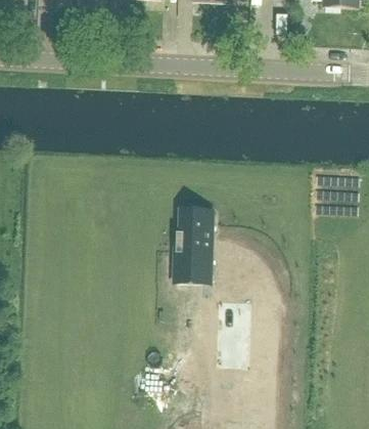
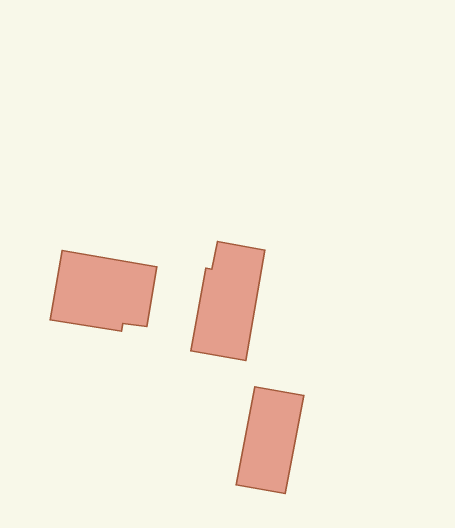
building: none -> [50,251,157,331]

